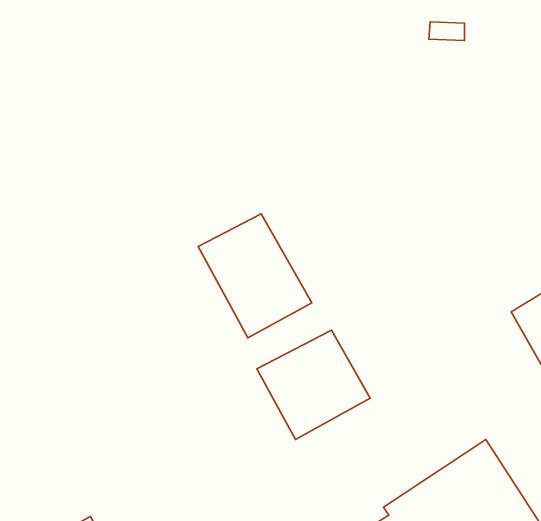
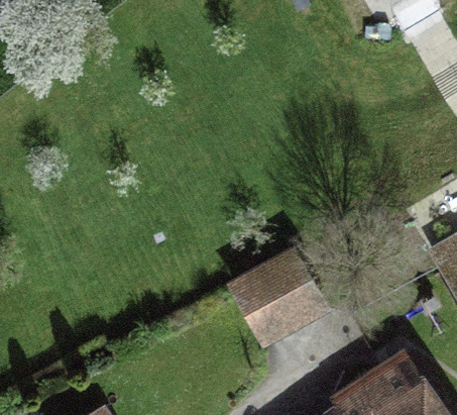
building: [198,214,312,338] -> none

